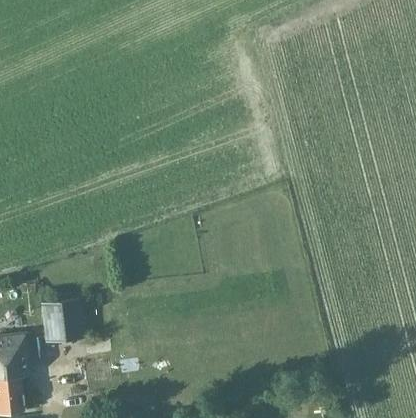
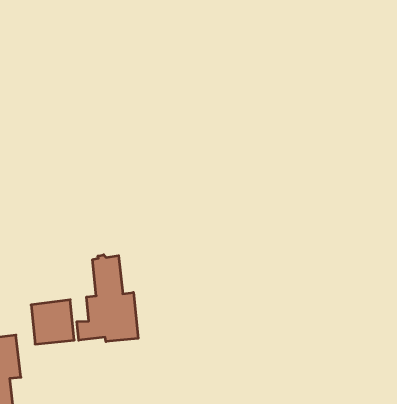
building: none -> [77,255,138,342]

